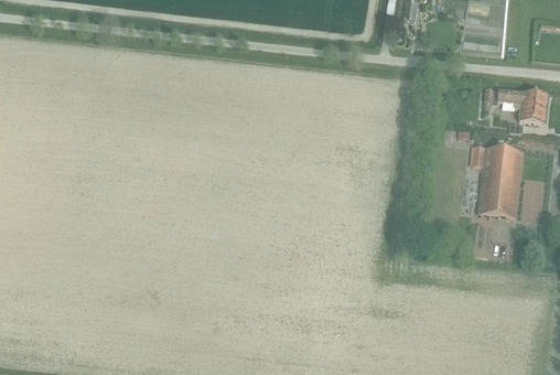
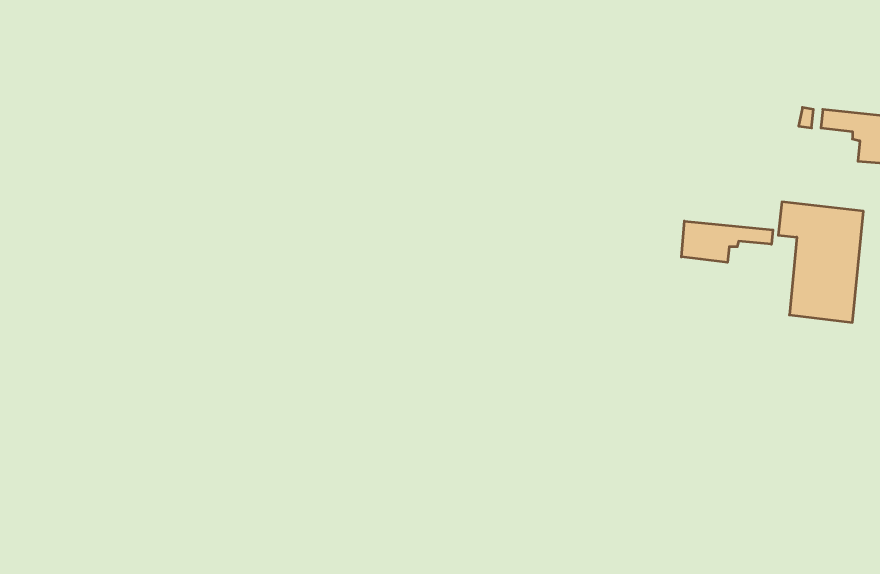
building: none -> [681,221,773,262]

